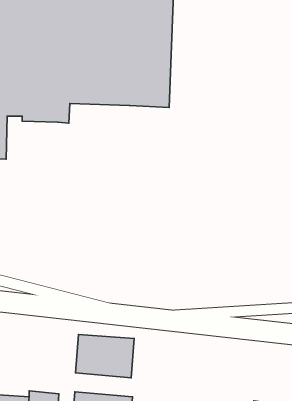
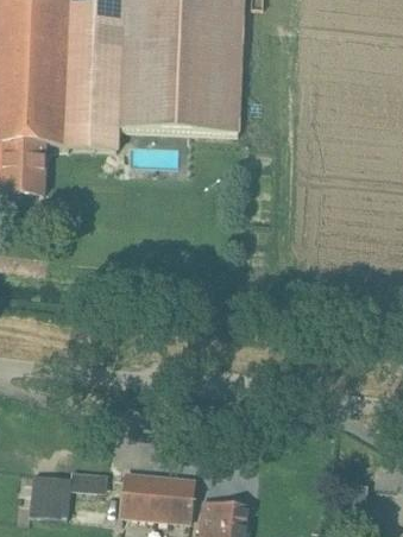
building: [76,334,134,378] -> none

